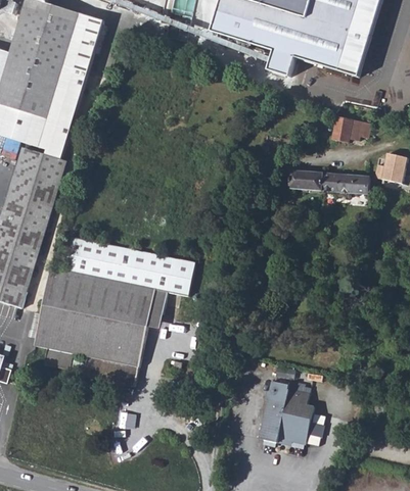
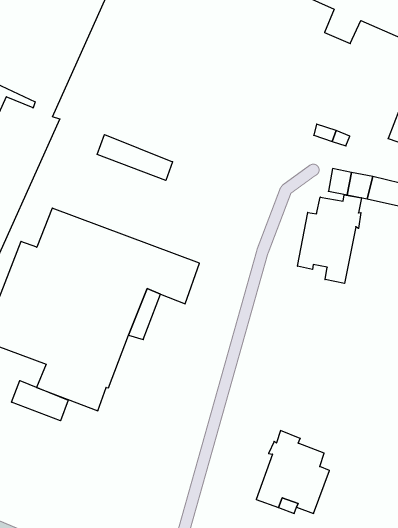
building: none -> [97,135,173,180]
building: none -> [298,195,362,283]
building: none -> [12,381,68,421]

